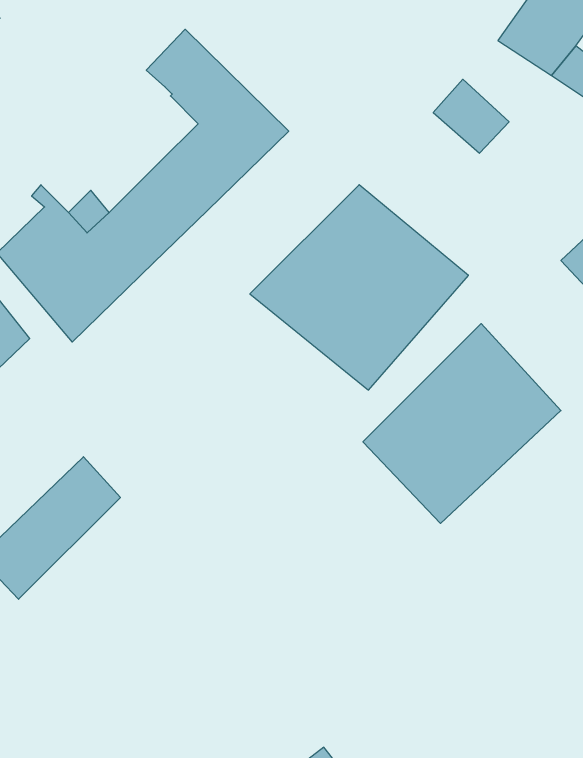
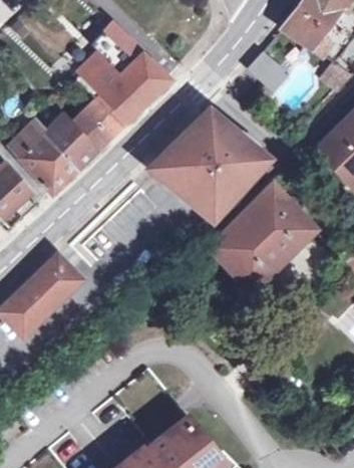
building: none -> [81,54,120,95]

